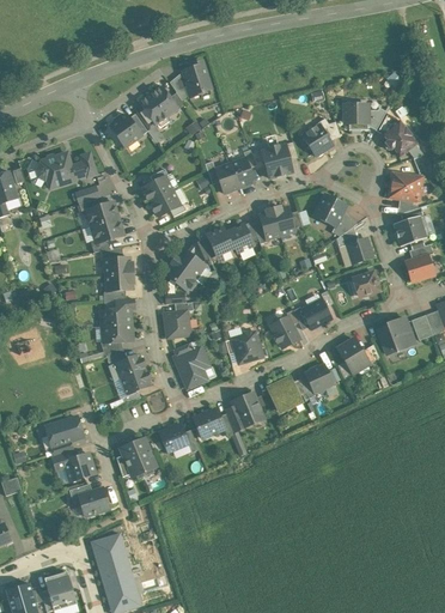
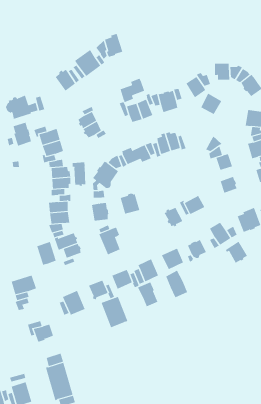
building: none -> [120,78,145,103]
building: none -> [13,122,32,147]
building: [315,194,347,226] -> [200,93,222,115]
building: none -> [72,162,86,186]
building: [232,332,262,363] -> [120,193,140,214]
building: none -> [225,241,248,264]
building: none -> [36,241,57,266]
building: none -> [165,270,188,298]
building: none -> [137,282,158,307]
building: none -> [101,296,128,328]
building: [63,453,96,481] -> none

